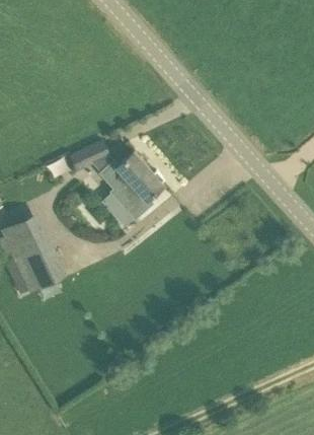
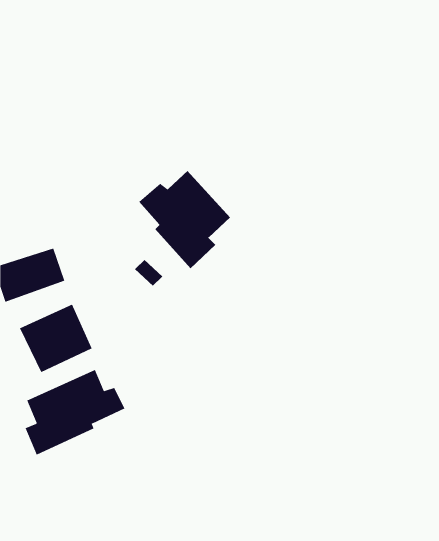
building: [69,141,110,172] -> none
building: none -> [25,369,125,455]

